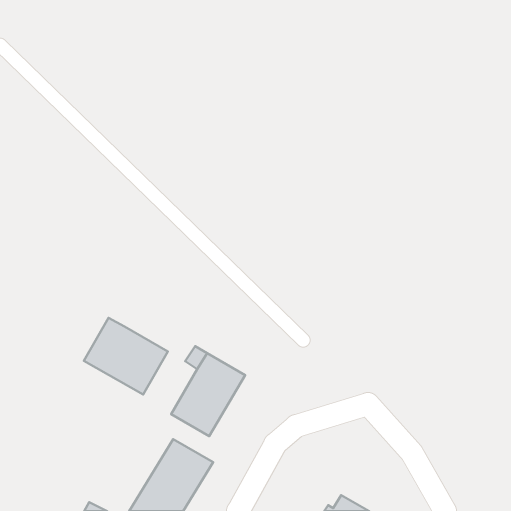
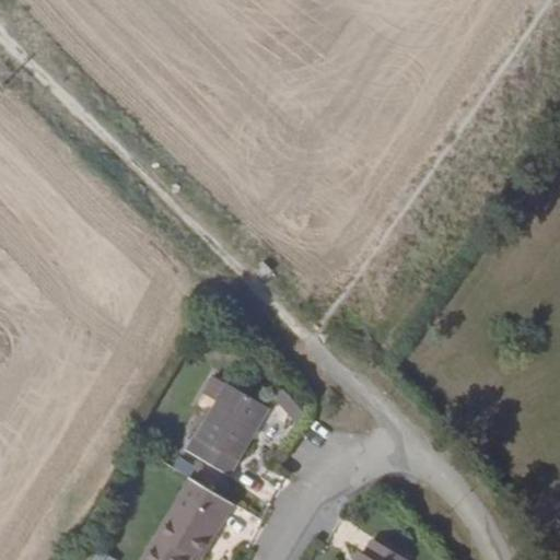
building: [84,318,168,394] -> none

